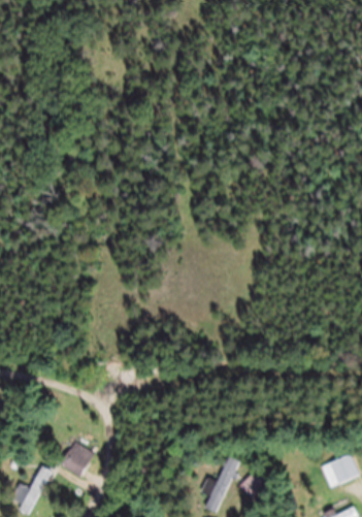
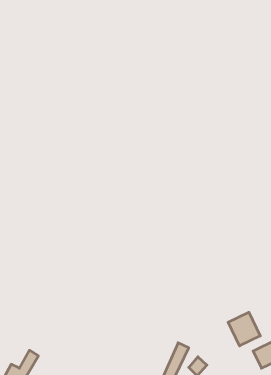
building: none -> [228,312,260,346]
building: [58,441,94,477] -> none

